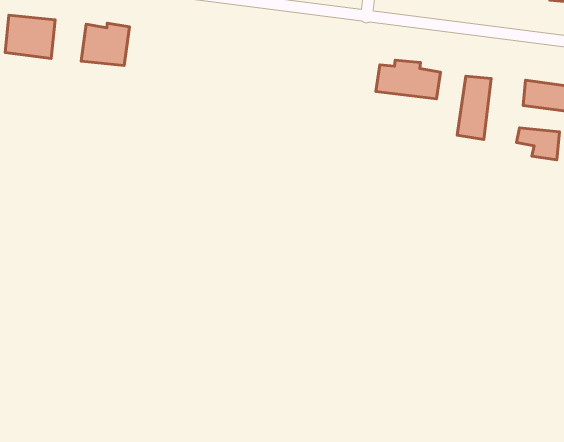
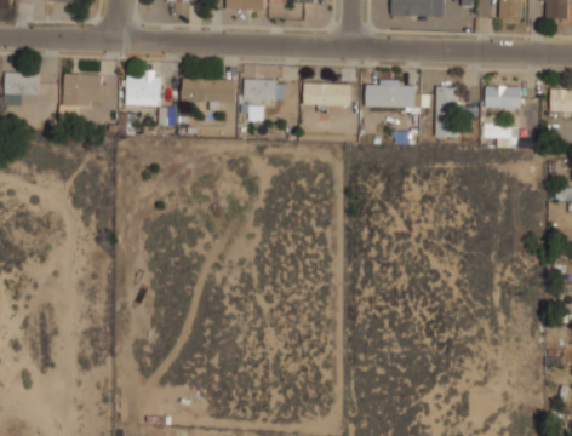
building: none -> [182,79,235,102]
building: none -> [242,80,284,101]
building: none -> [303,84,349,113]

